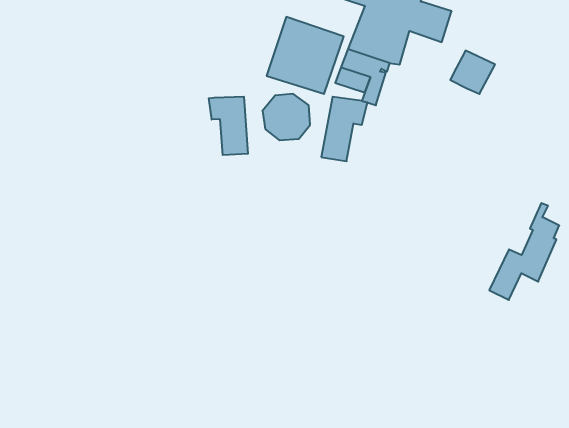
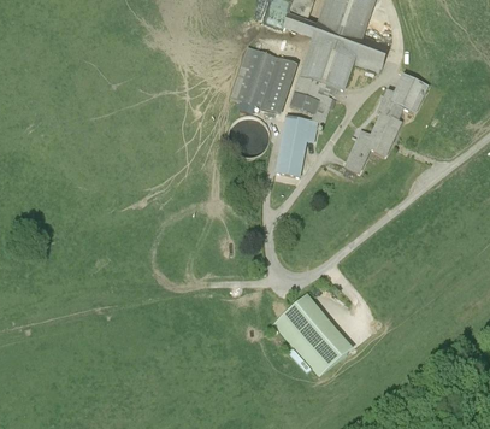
building: [209,97,248,155] -> none
building: [489,203,559,300] -> [342,89,402,172]
building: none -> [274,295,350,375]

